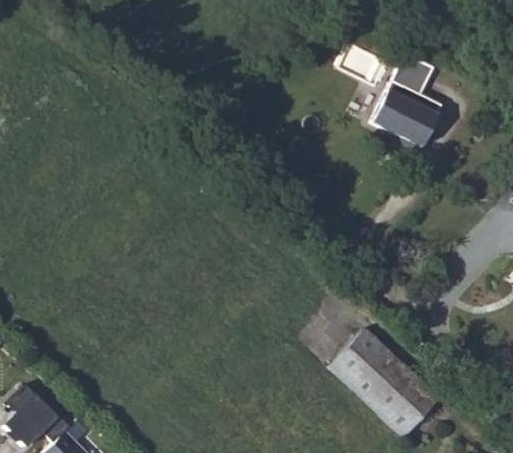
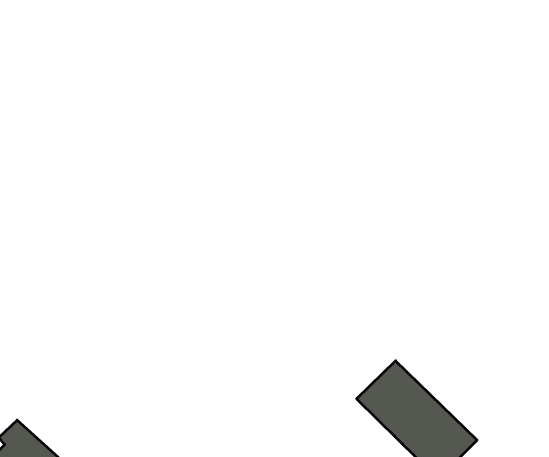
building: [371,55,442,145] -> none

